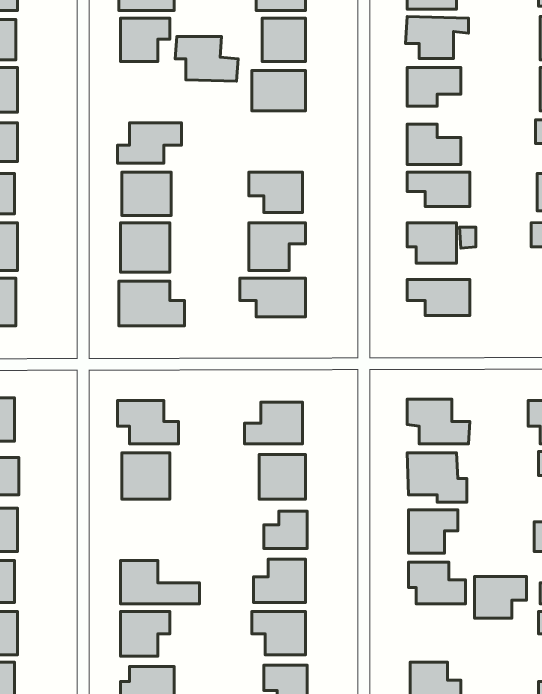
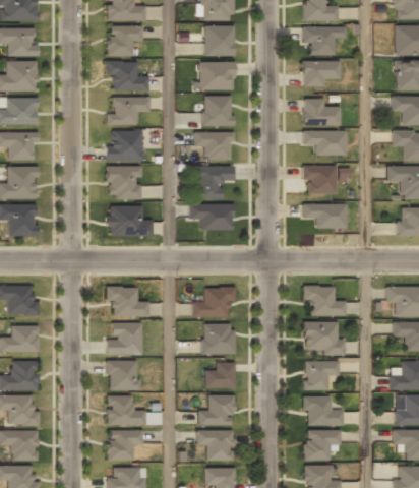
building: [175,36,238,81] -> [106,62,148,93]
building: none -> [203,96,233,125]
building: none -> [107,360,139,389]
building: [474,576,527,618] -> [304,430,340,459]

